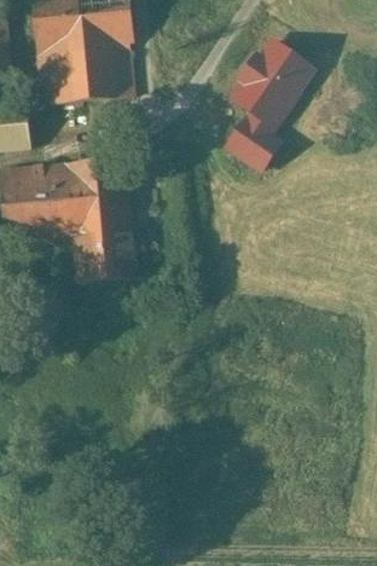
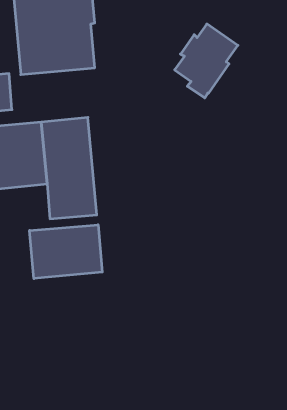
building: [227,116,280,168] -> none
building: none -> [30,225,102,279]

